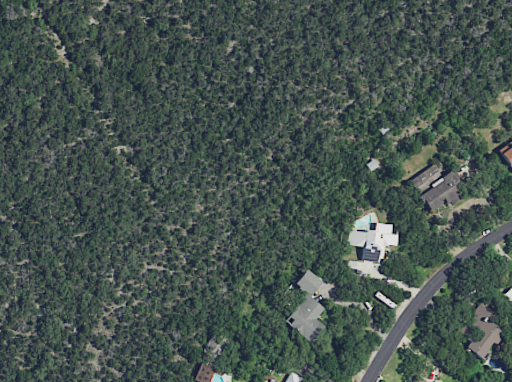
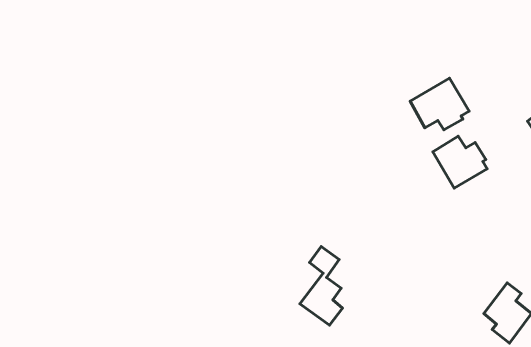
building: none -> [410,78,469,130]
building: [347,222,399,261] -> none

